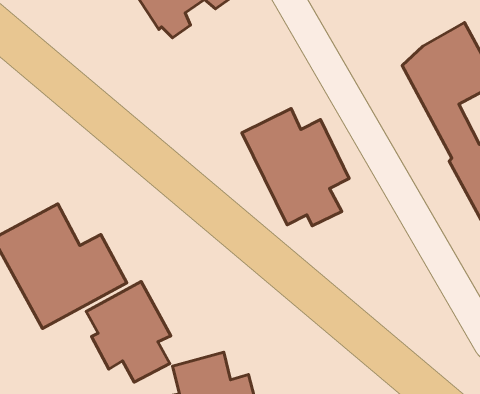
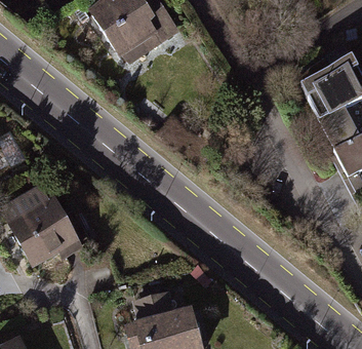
building: [242,108,349,226] -> none
building: [86,281,171,382] -> none

